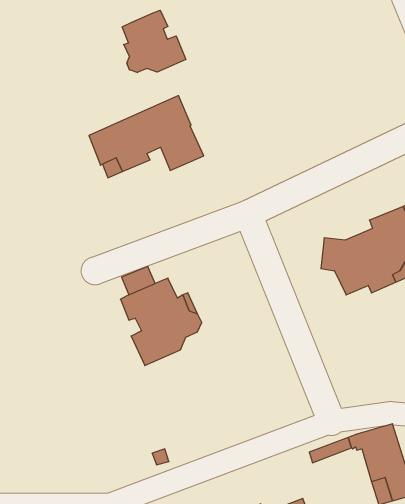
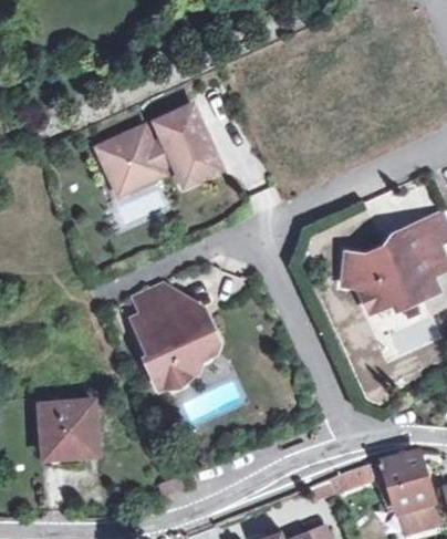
building: [122,10,186,73] -> none
building: none -> [40,400,97,457]

